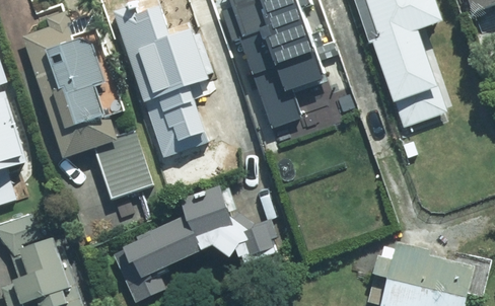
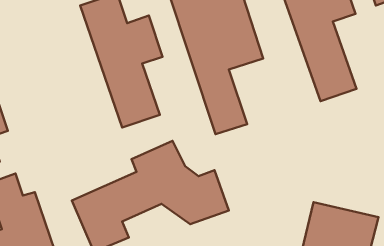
building: [21,18,148,198] -> none

